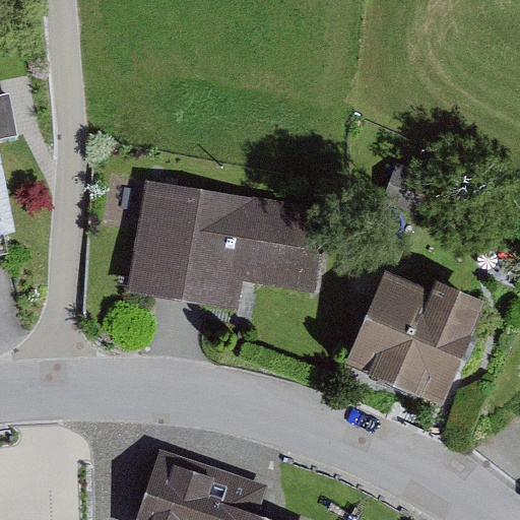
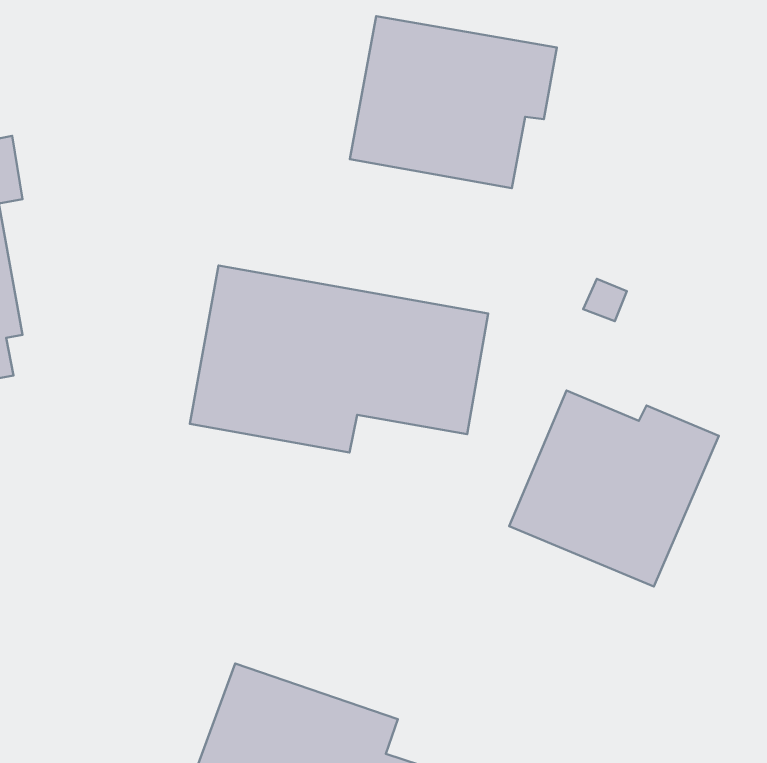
building: none -> [350,16,557,188]

